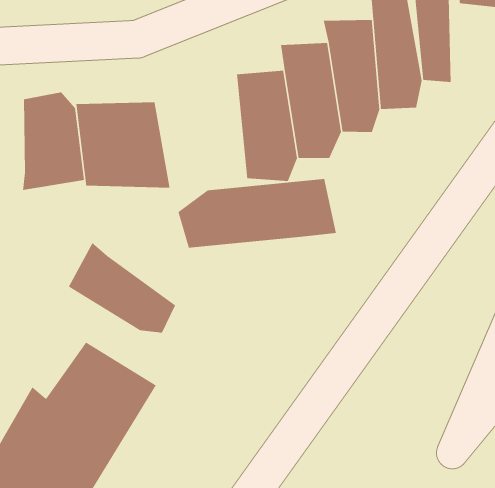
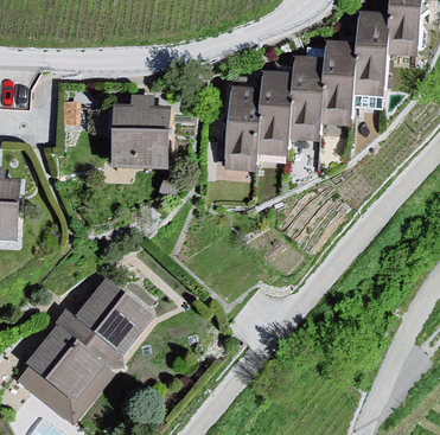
building: [22,91,85,191] -> none
building: [177,178,337,248] -> none
building: [68,242,176,333] -> none

